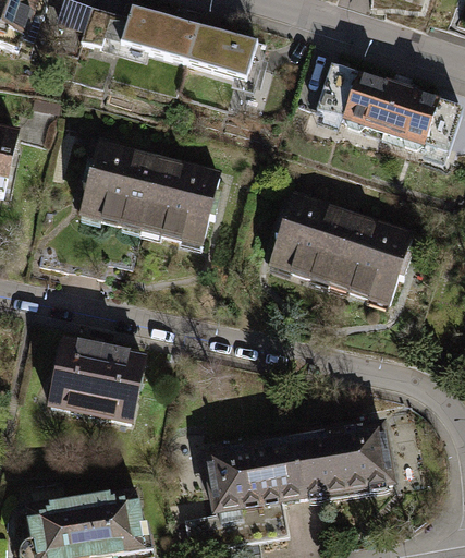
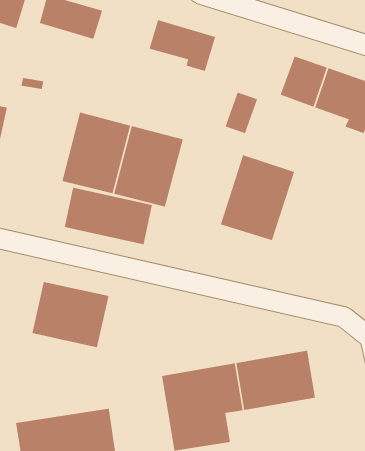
building: [119,5,195,60] -> none
building: [318,61,358,112] -> [225,92,258,134]
building: [333,207,424,312] -> none
building: none -> [64,187,153,245]

